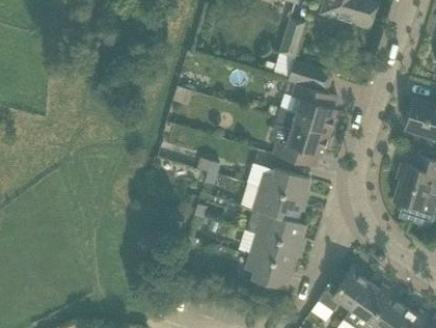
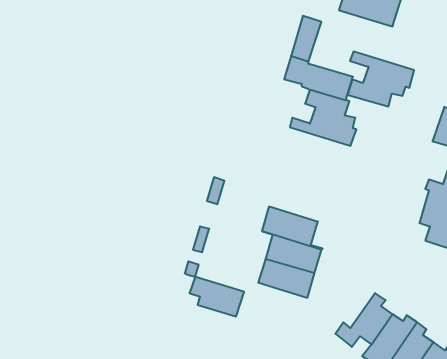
building: [272,117,331,166] -> [348,52,414,107]
building: [258,169,309,201] -> none
building: [244,255,293,291] -> [189,277,244,316]

